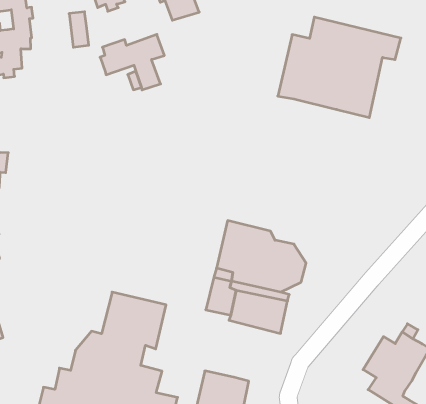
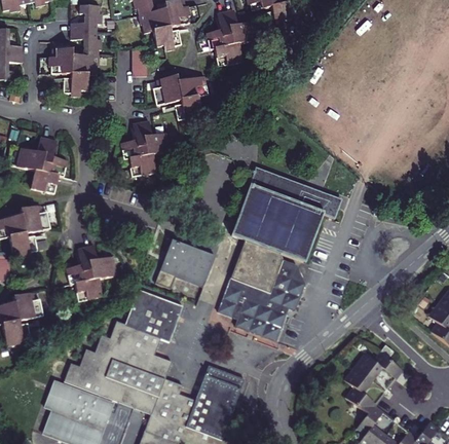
building: [278,17,401,118] -> [230,173,340,263]
building: none -> [119,120,170,175]
building: none -> [154,236,215,286]
building: none -> [67,245,115,300]

